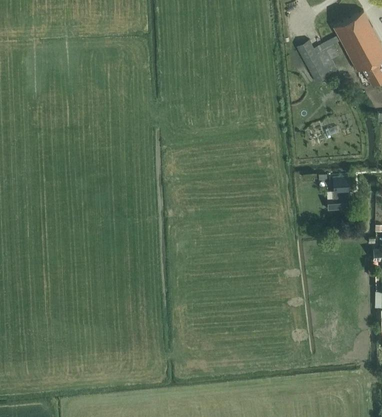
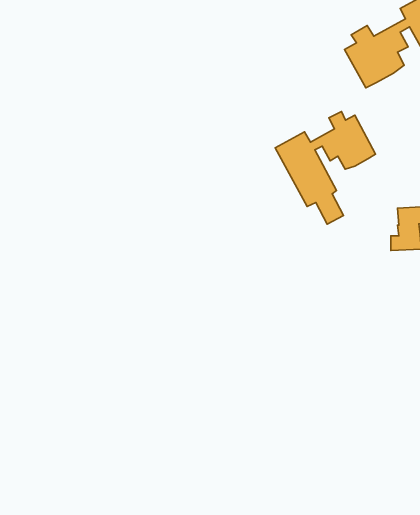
building: none -> [275,111,376,224]

